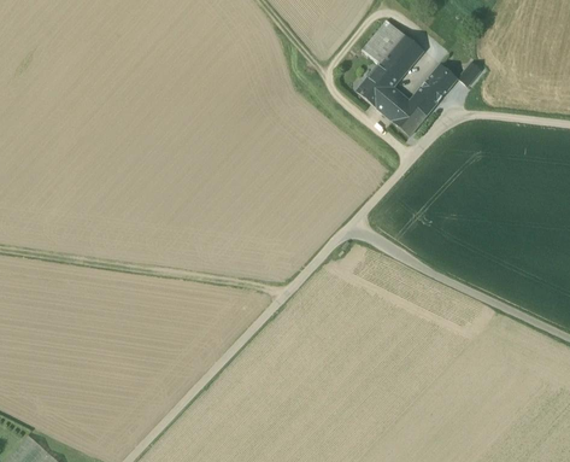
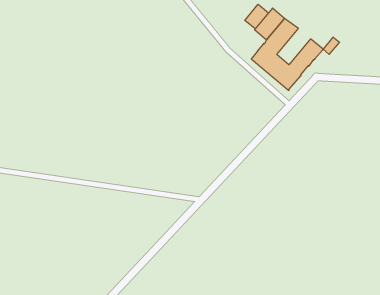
building: none -> [245,4,269,29]

